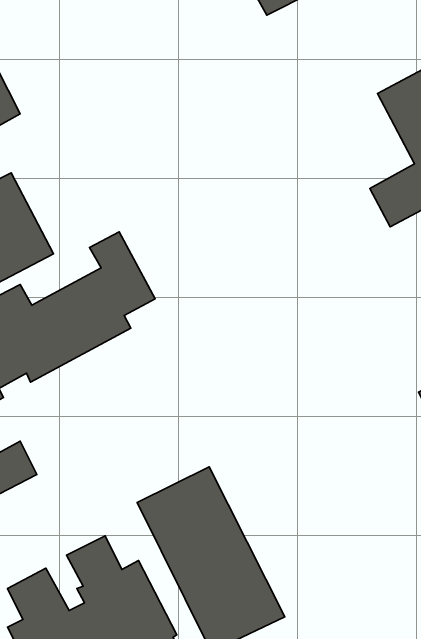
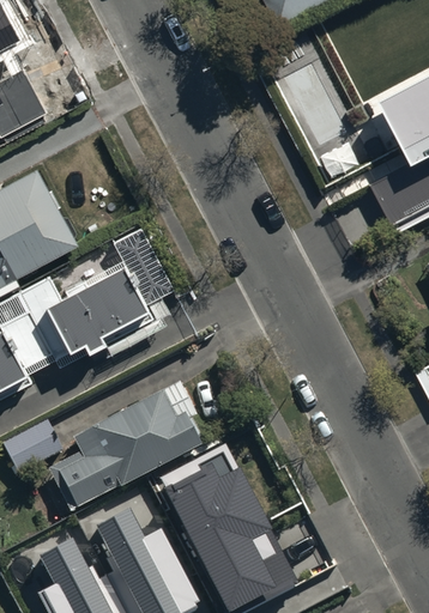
building: none -> [48,384,201,515]

